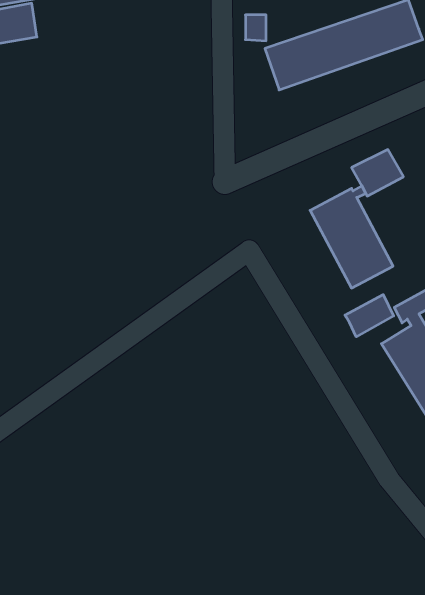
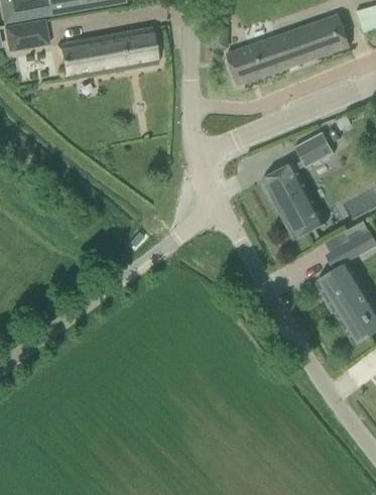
building: none -> [58,27,157,79]
building: [345,295,394,337] -> none

